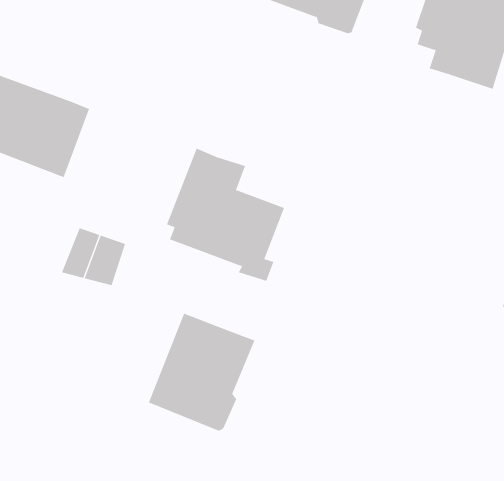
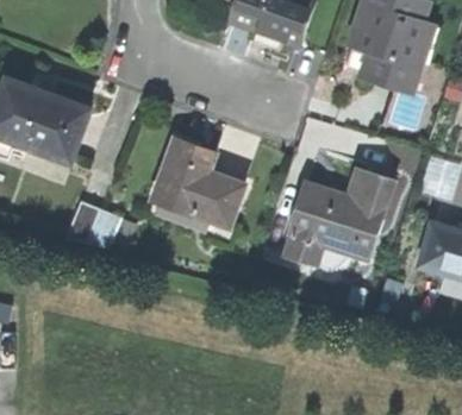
building: none -> [285,170,392,264]
building: [148,313,255,432] -> none

